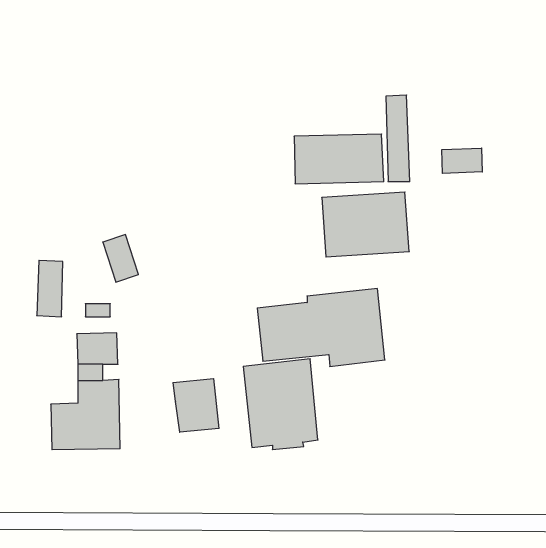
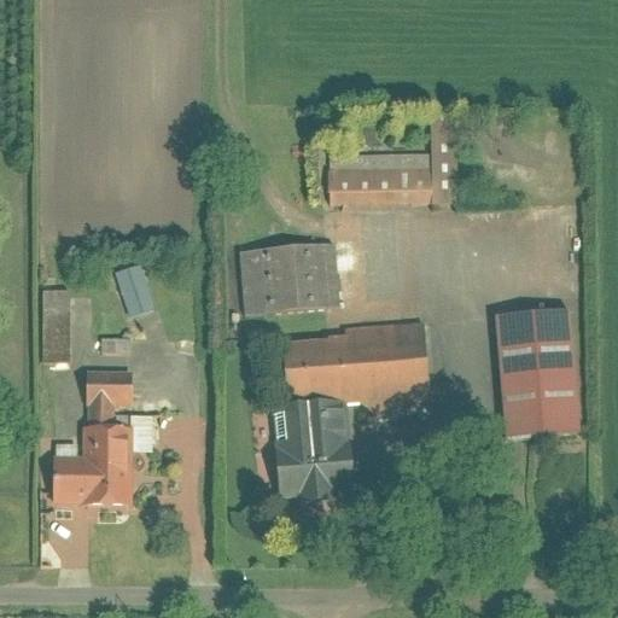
building: [442,148,482,173] -> none
building: [322,192,409,257] -> [237,244,334,316]
building: none -> [496,307,576,437]
building: [173,379,219,432] -> none

